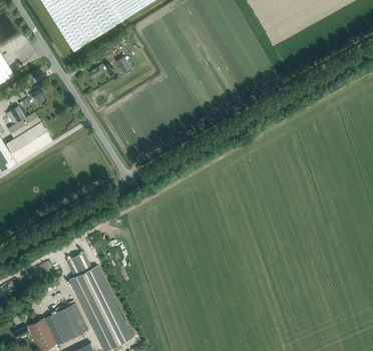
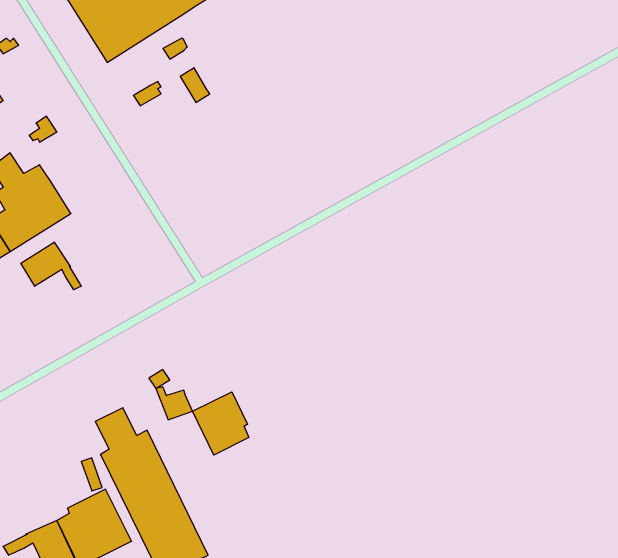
building: none -> [21,242,81,290]
building: none -> [192,392,249,455]

